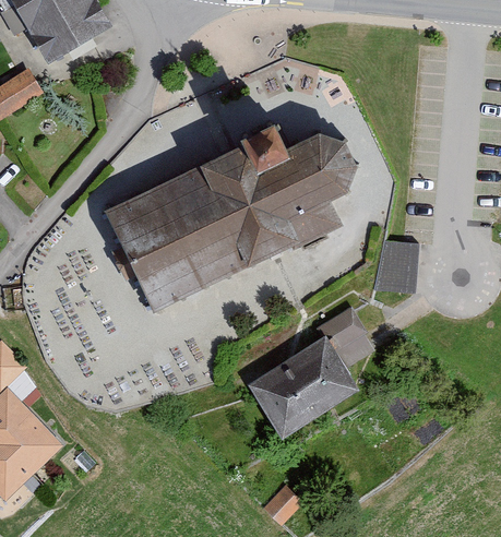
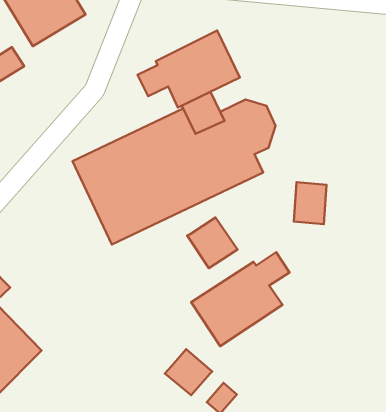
building: none -> [138,31,240,107]
building: none -> [187,218,238,268]
building: none -> [165,349,212,395]

